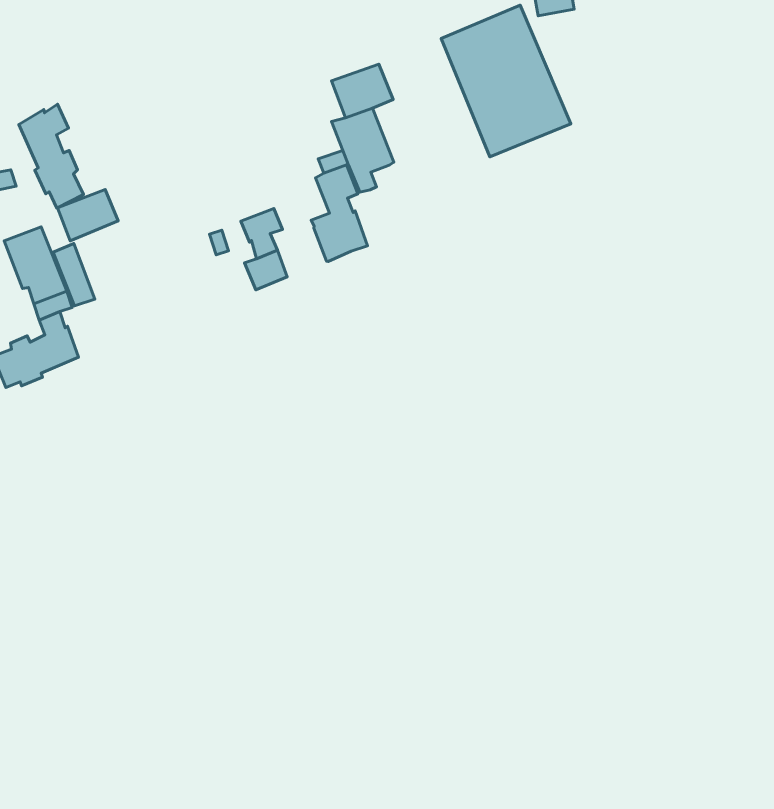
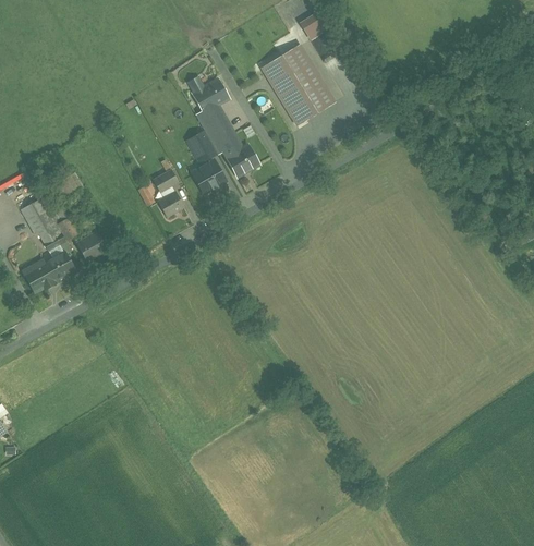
building: [19,104,84,208] -> none
building: none -> [223,136,259,177]
building: none -> [78,233,108,262]

